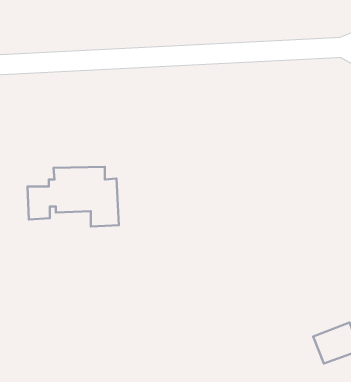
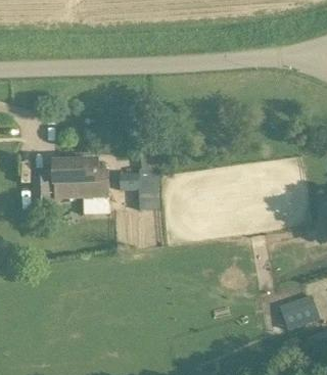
building: none -> [120,168,160,208]

